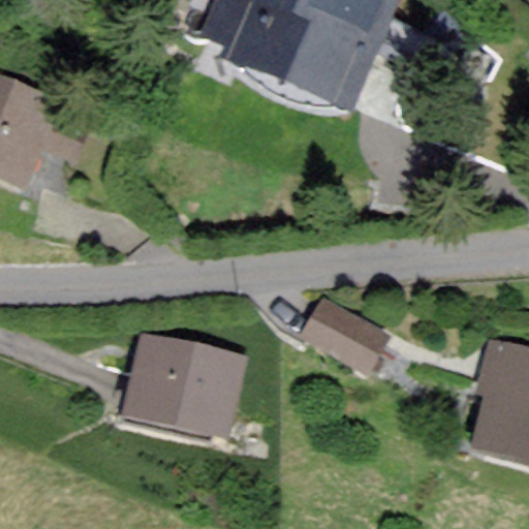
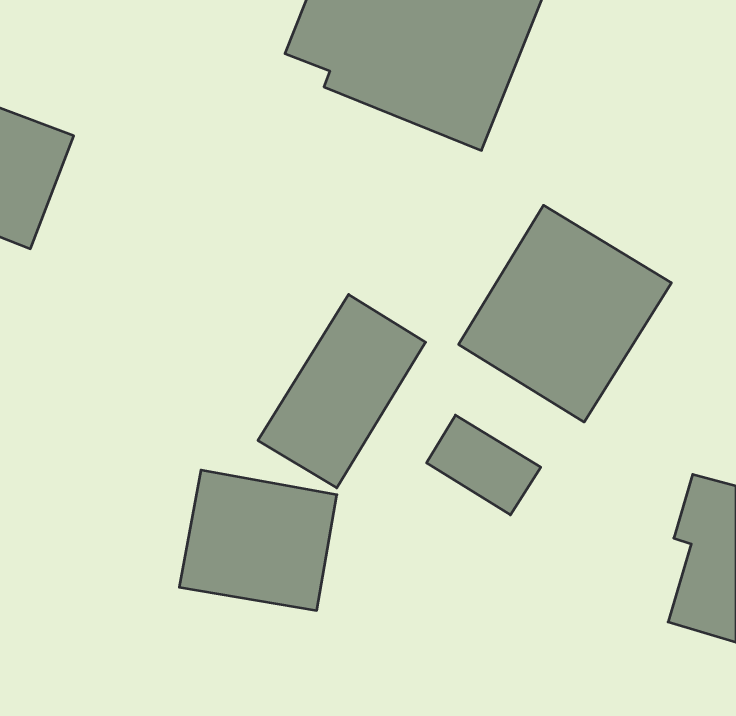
building: none -> [459,205,671,422]
building: none -> [258,294,426,488]

